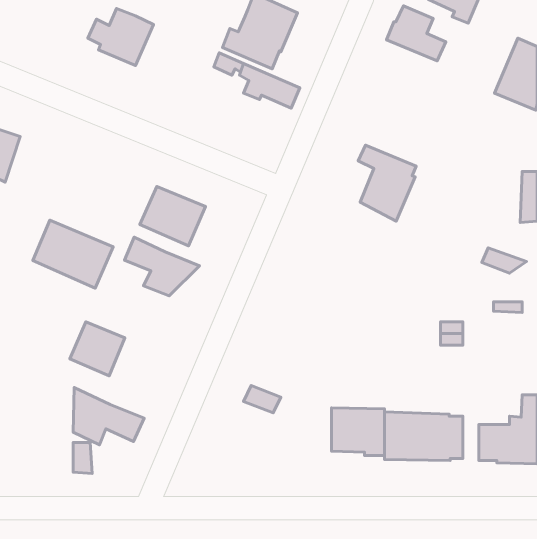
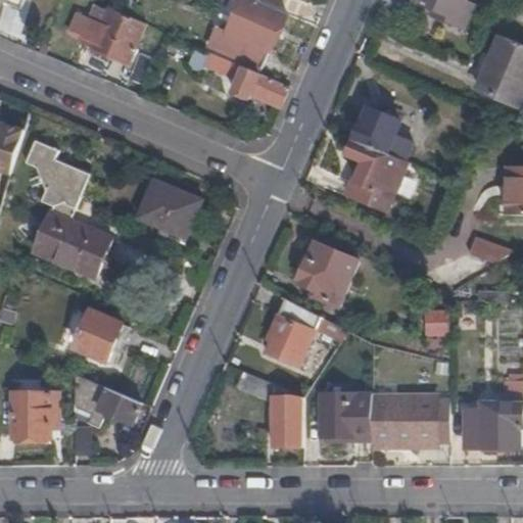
building: [386,6,446,61] -> [352,107,410,160]
building: none -> [23,141,89,209]
building: [124,237,200,296] -> none
building: none -> [296,242,356,306]
building: none -> [266,299,347,369]
building: none -> [9,393,56,439]
building: none -> [272,395,302,447]

